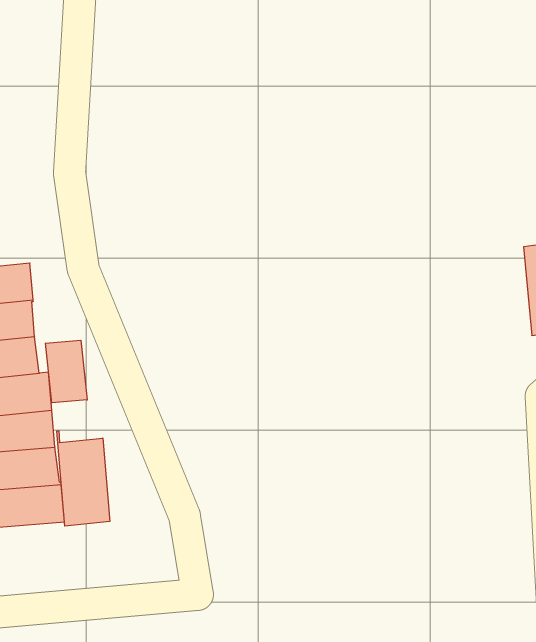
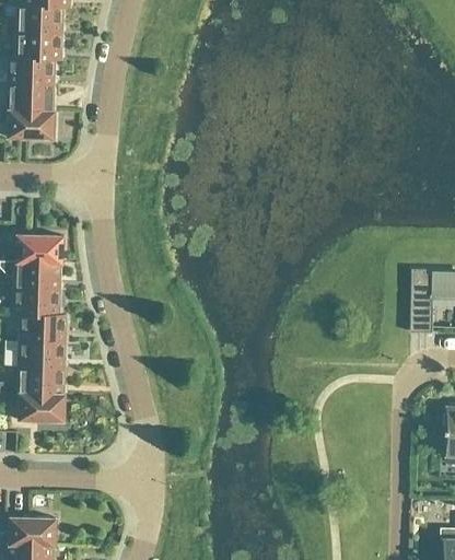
building: [45,340,87,403] -> none
building: [57,431,110,526] -> none

